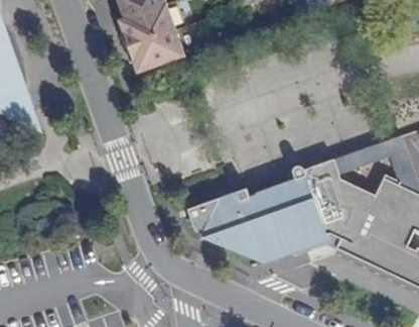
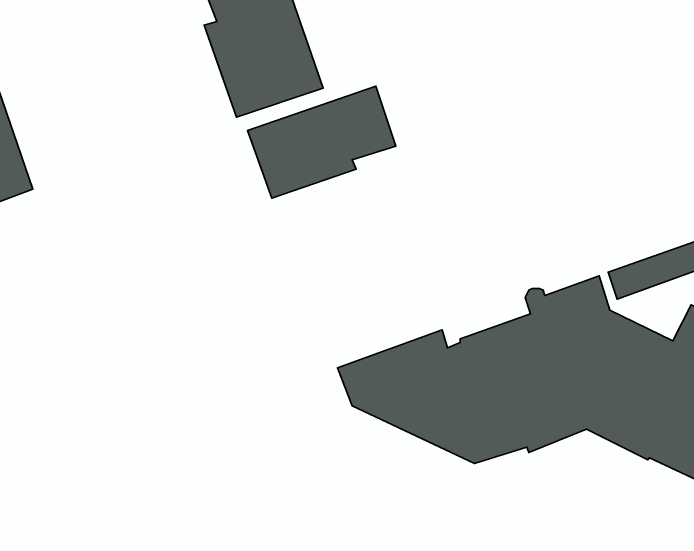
building: none -> [247,86,396,198]

